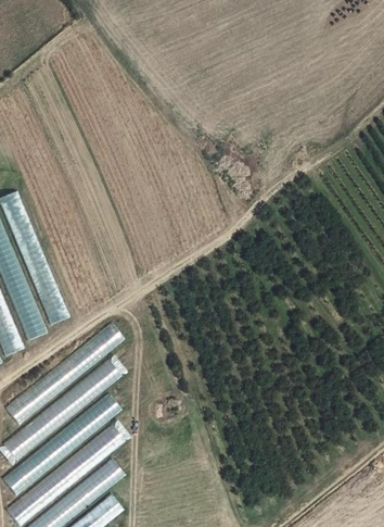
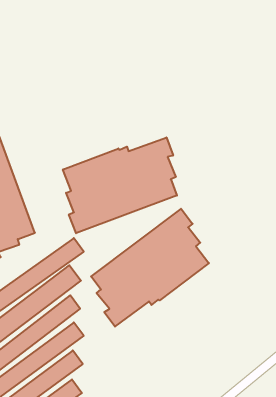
building: none -> [63,137,177,233]
building: none -> [91,209,209,327]

